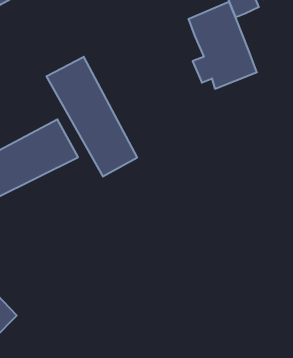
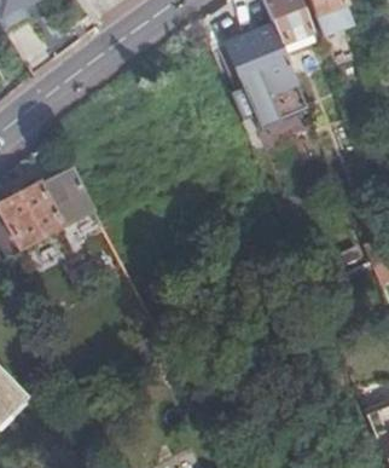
building: [47,57,137,177] -> none

